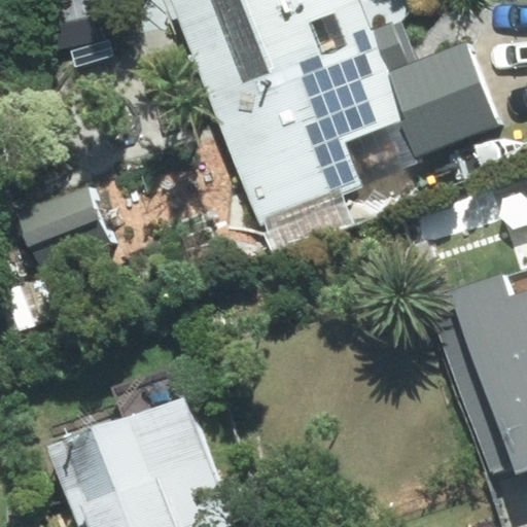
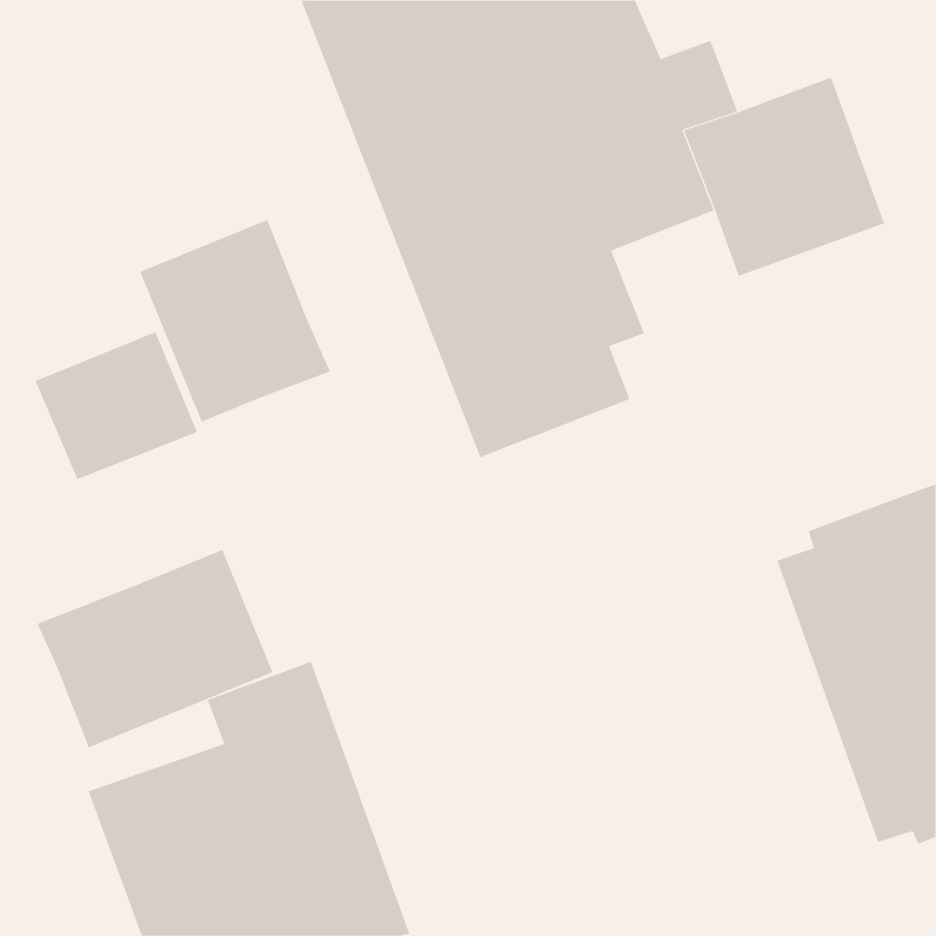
building: none -> [140,219,330,423]
building: none -> [37,549,273,748]

